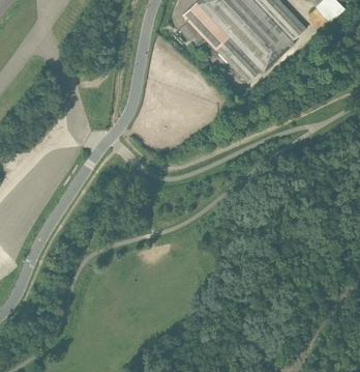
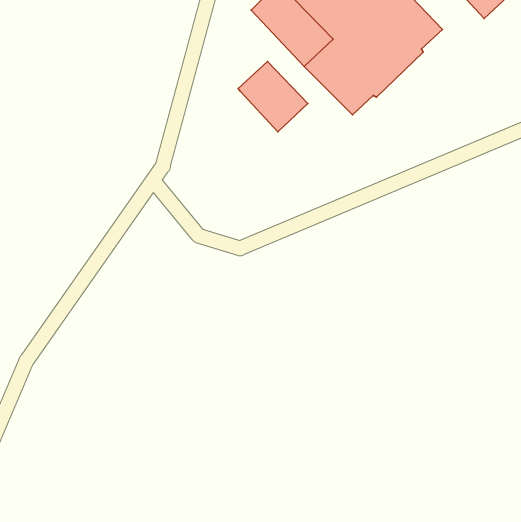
building: none -> [238,61,308,132]

